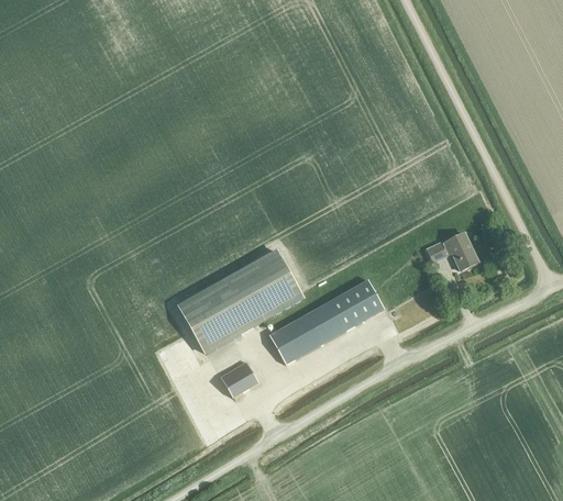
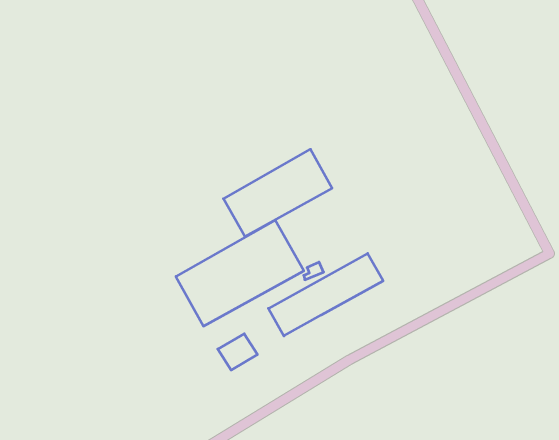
building: none -> [223,149,332,236]
building: [427,233,477,270] -> none

